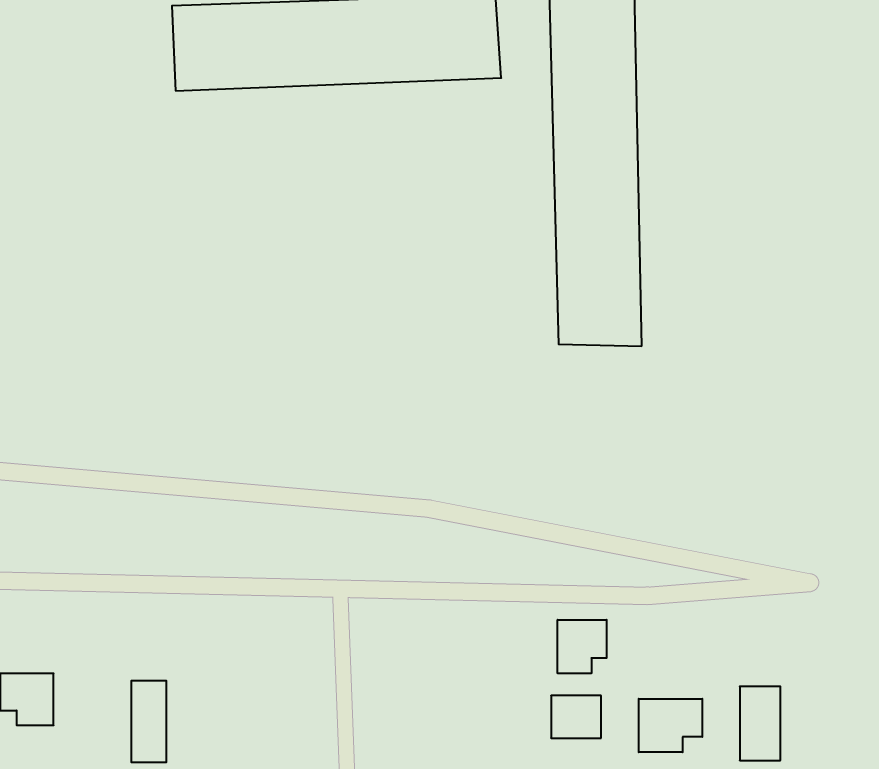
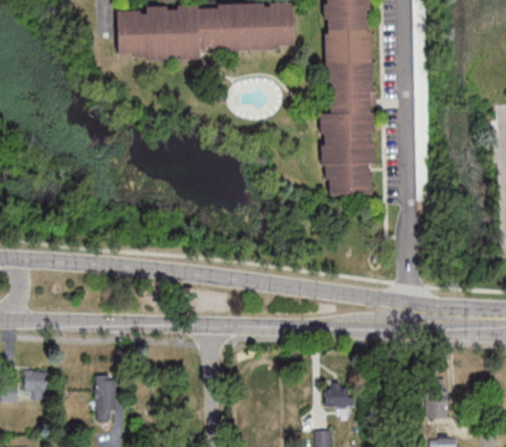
building: [558,620,607,673] -> none
building: [639,699,702,752] -> none

